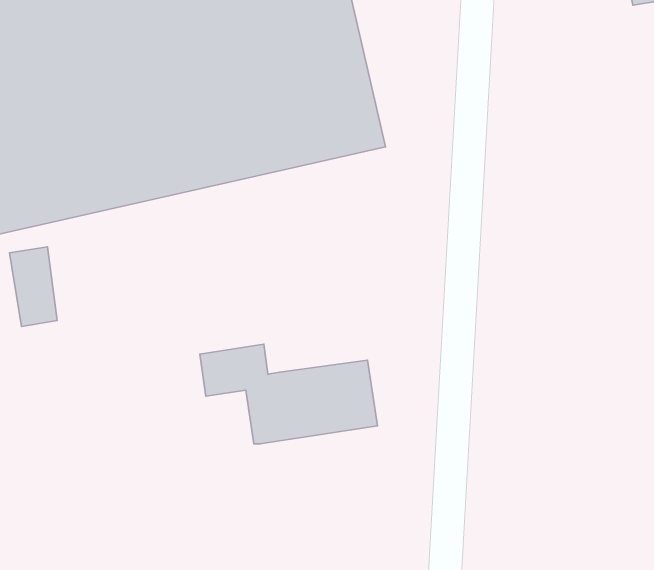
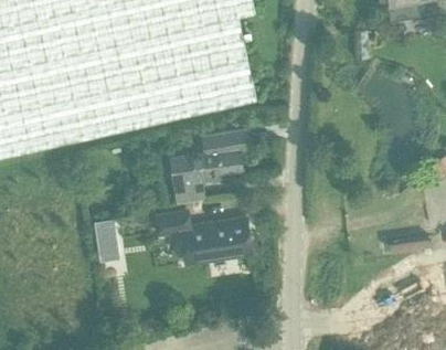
building: none -> [169,129,246,203]
building: [9,247,57,327] -> [94,219,120,263]

